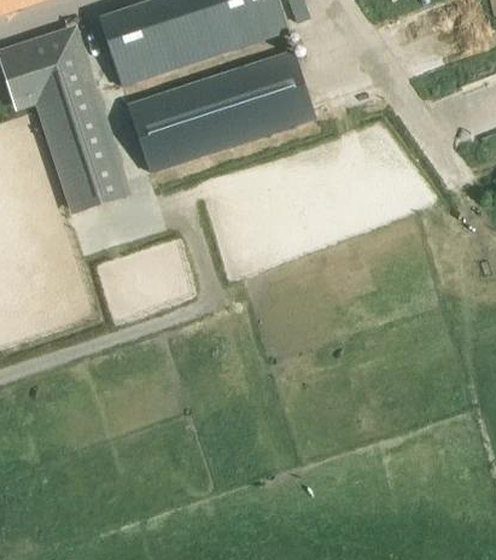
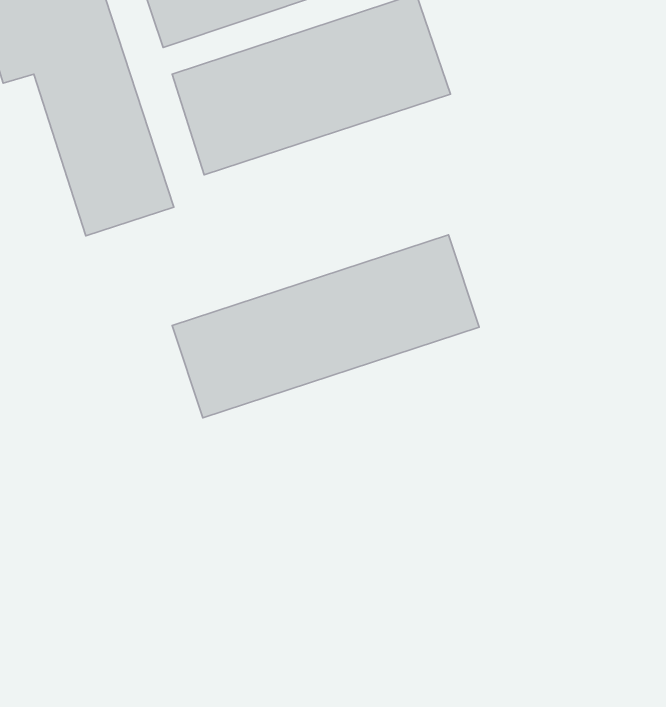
building: none -> [172,235,479,418]

